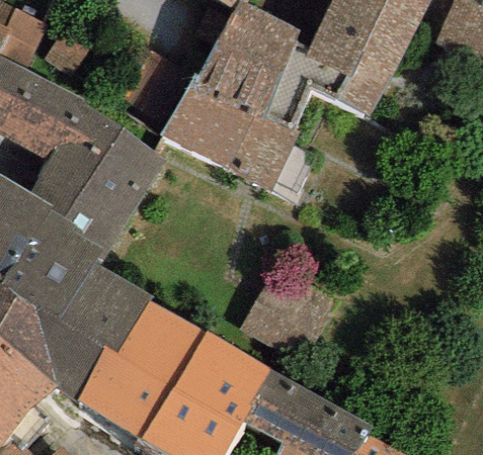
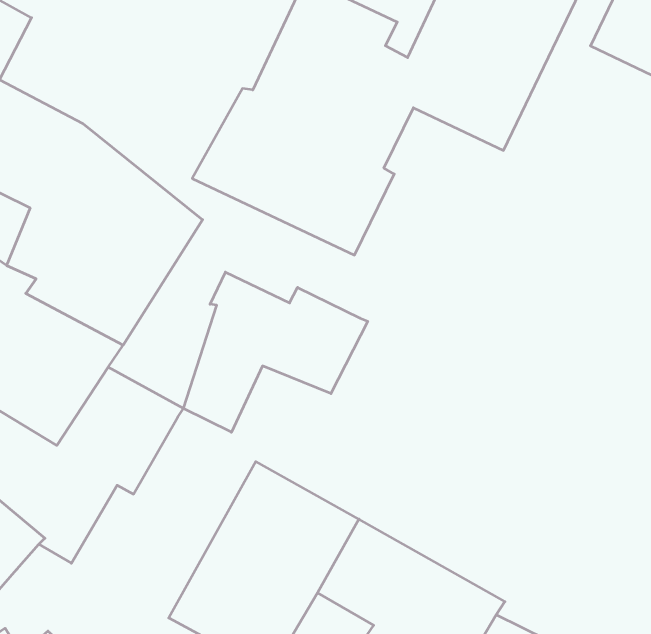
building: none -> [183,272,368,432]
building: [75,300,202,438] -> none

